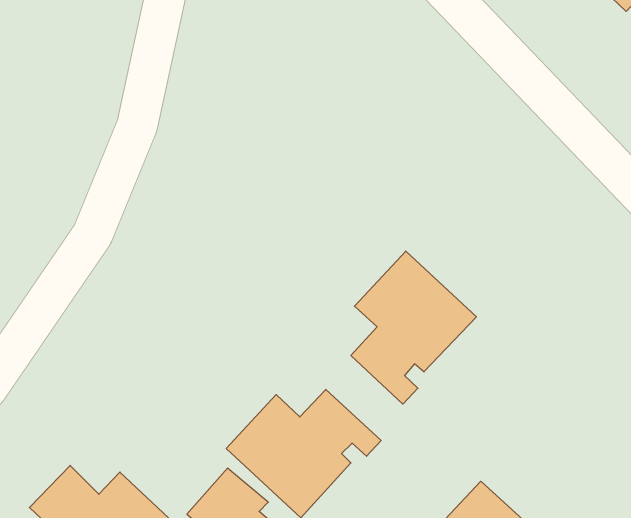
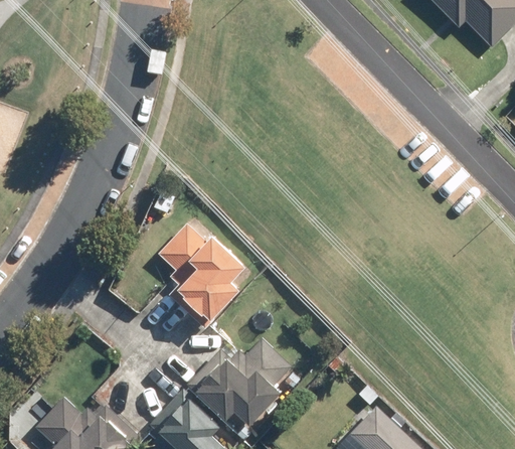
building: none -> [156,221,237,326]
building: [351,251,476,404] -> none

